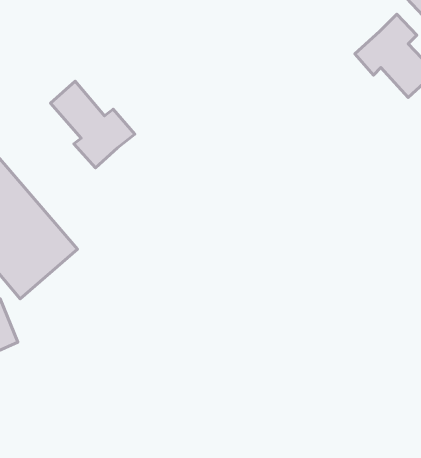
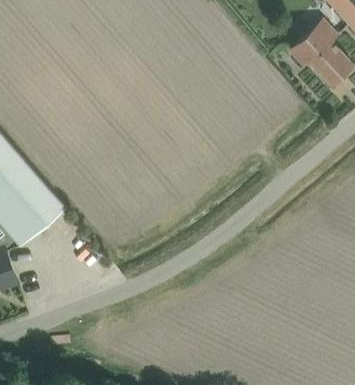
building: [51,81,135,168] -> none

